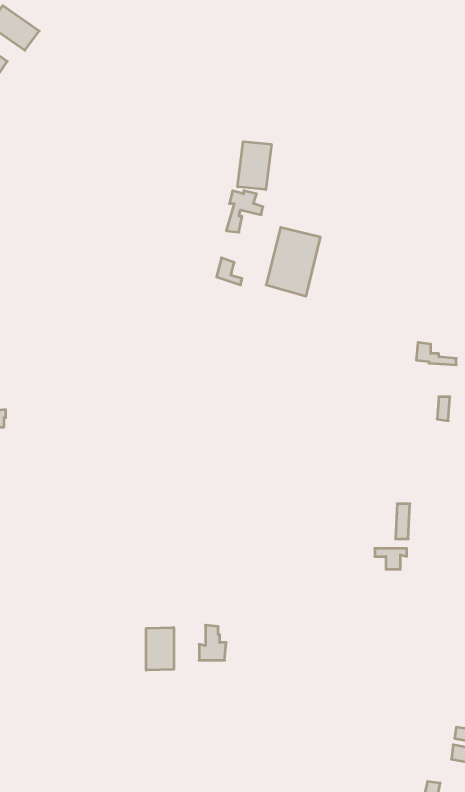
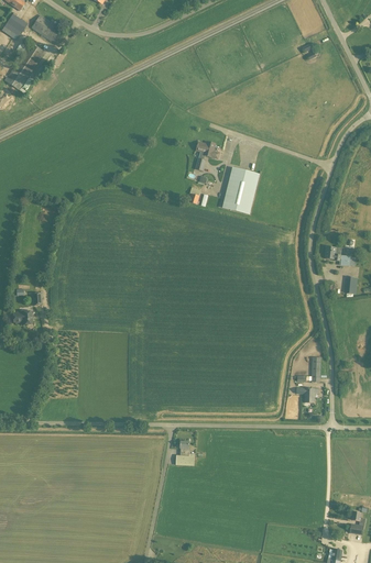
building: [238,142,271,190] -> none
building: [146,627,174,670] -> none

